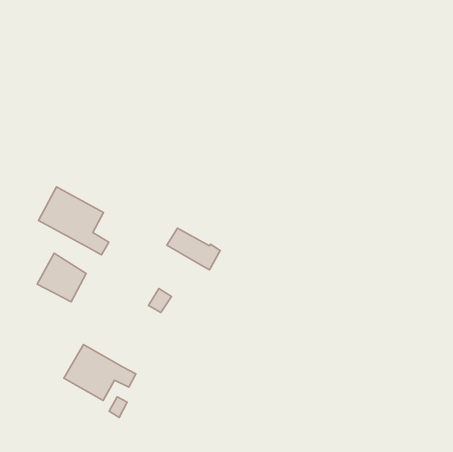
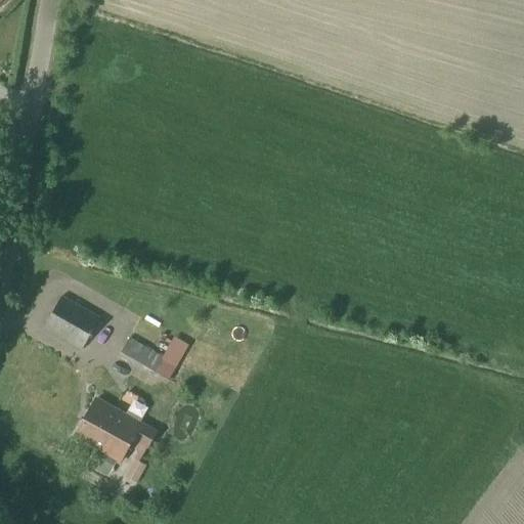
building: [39,187,109,255] -> none
building: [167,228,220,270] -> [118,336,179,384]

